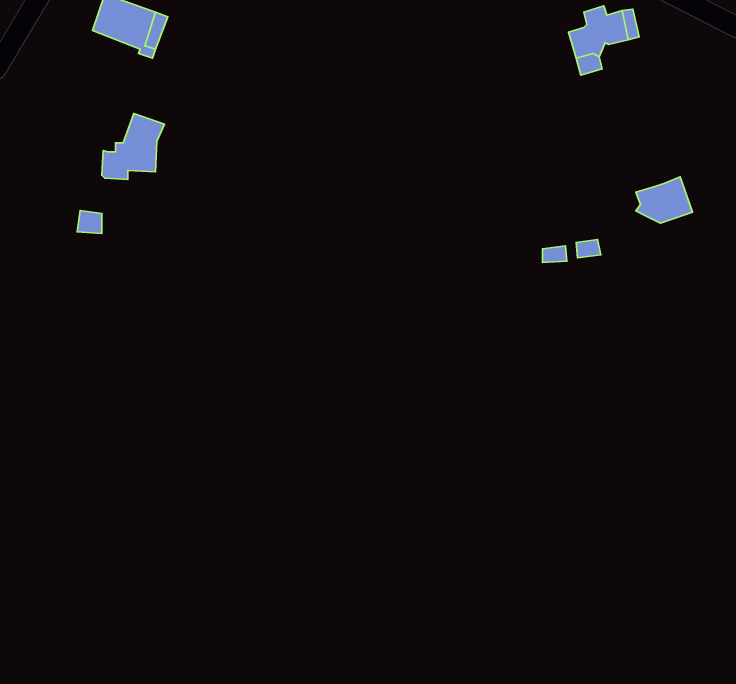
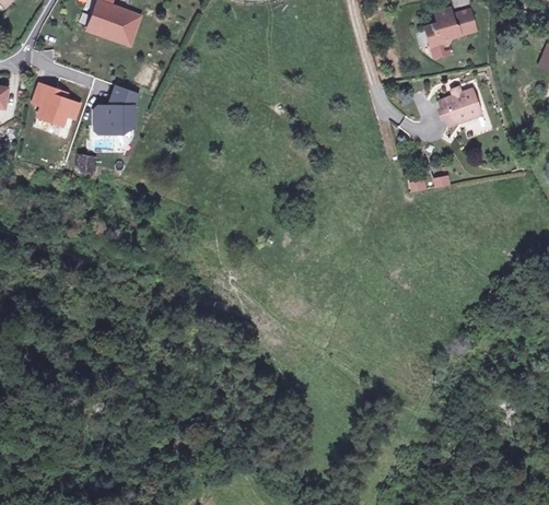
building: none -> [33,82,78,124]
building: [636,177,693,223] -> [440,90,480,122]

